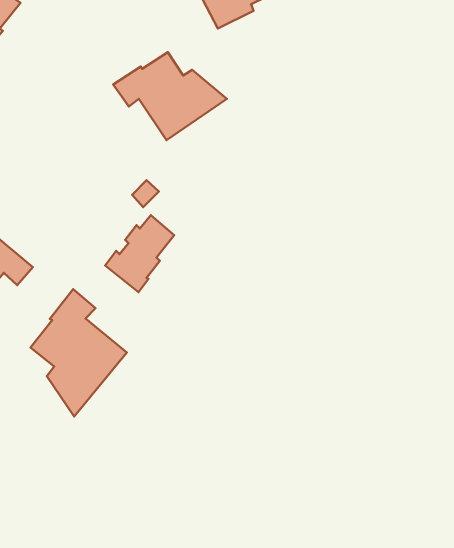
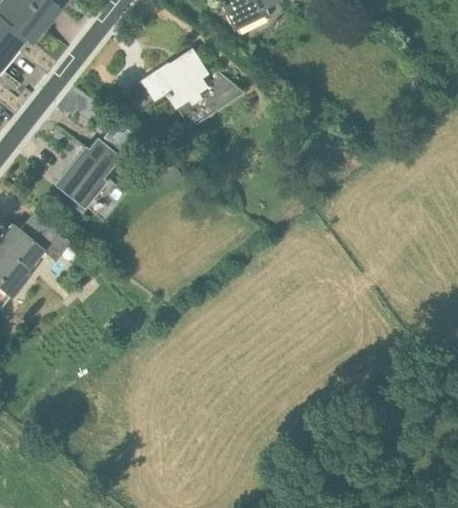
building: [105,215,174,292] -> [57,139,119,208]
building: [31,289,127,417] -> none

